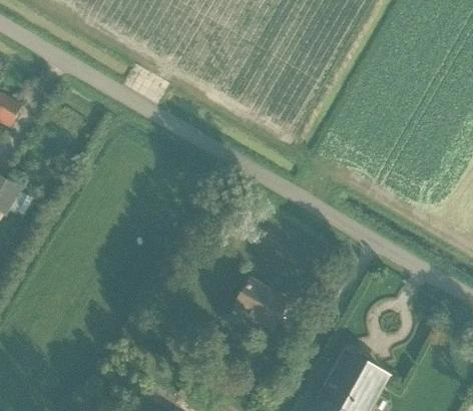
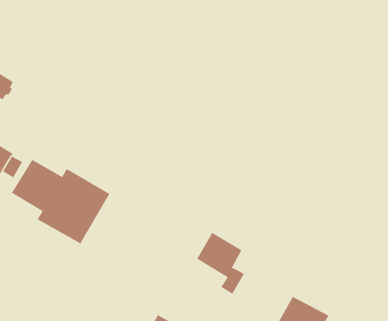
building: none -> [11,159,110,244]

